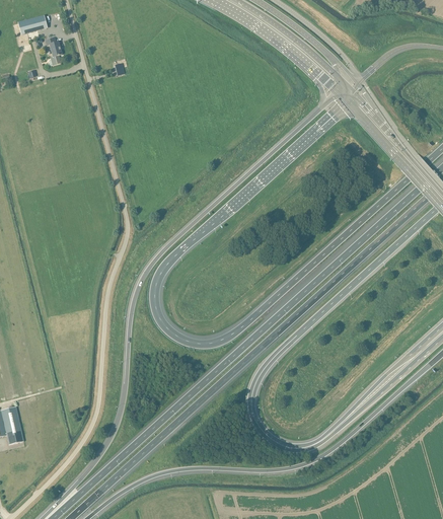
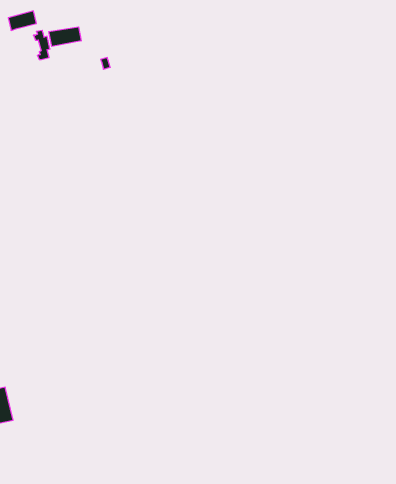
building: none -> [49,27,81,46]

